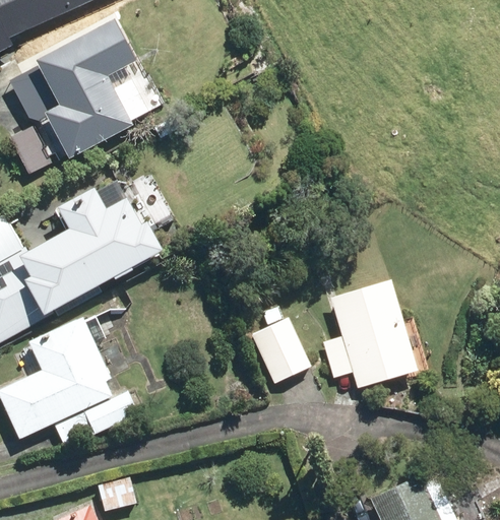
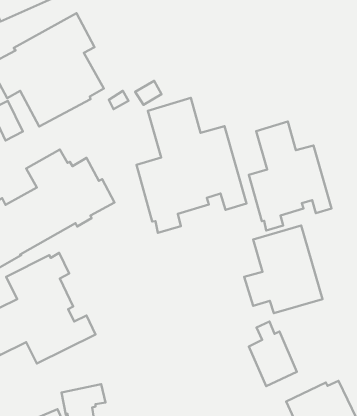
building: none -> [137,98,246,233]
building: none -> [249,122,332,230]
building: [250,305,309,384] -> [249,322,297,386]

